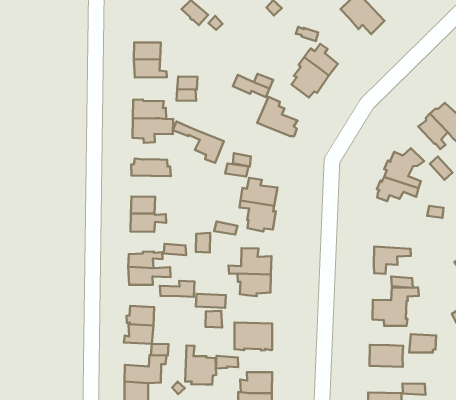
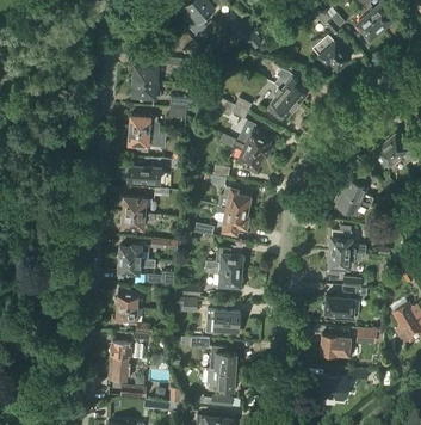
building: [173,121,224,163] -> [221,133,264,170]
building: none -> [330,229,367,253]
building: [185,346,216,384] -> none

